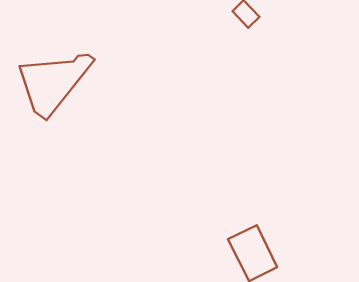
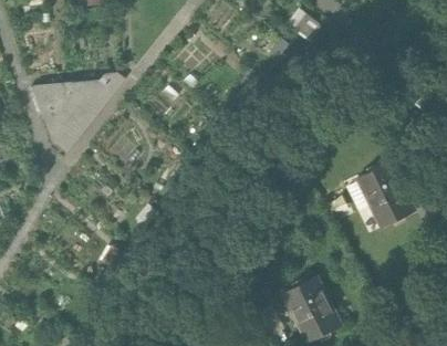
building: none -> [357,161,416,228]

